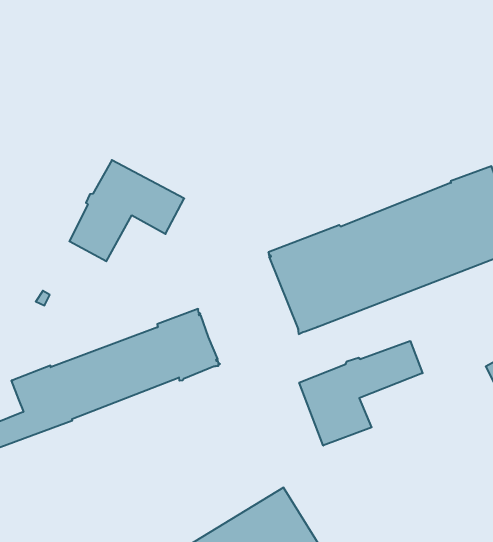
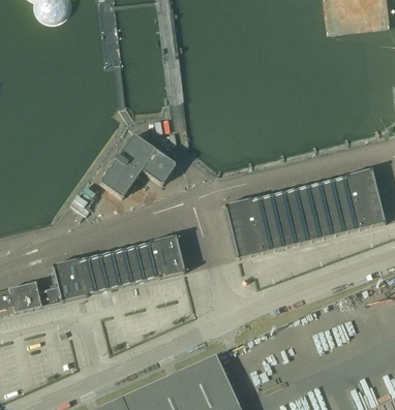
building: [299,341,423,446] -> none

